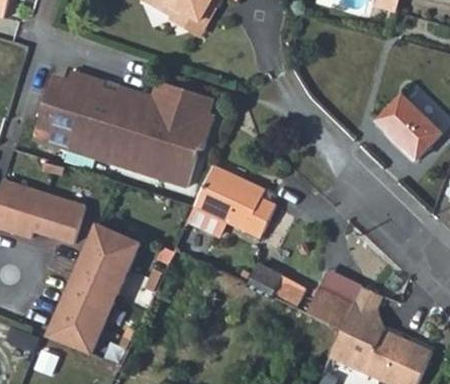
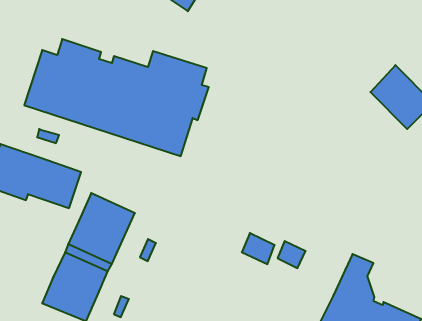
building: [193,167,275,235] -> none
building: [307,286,354,327] -> none

